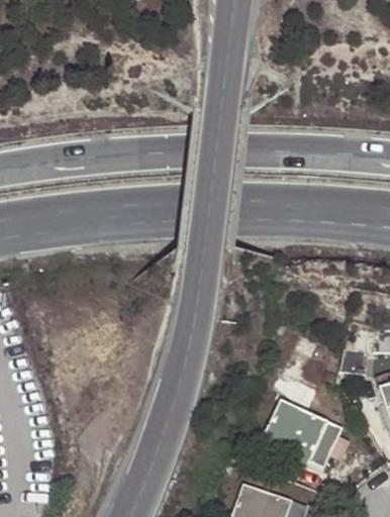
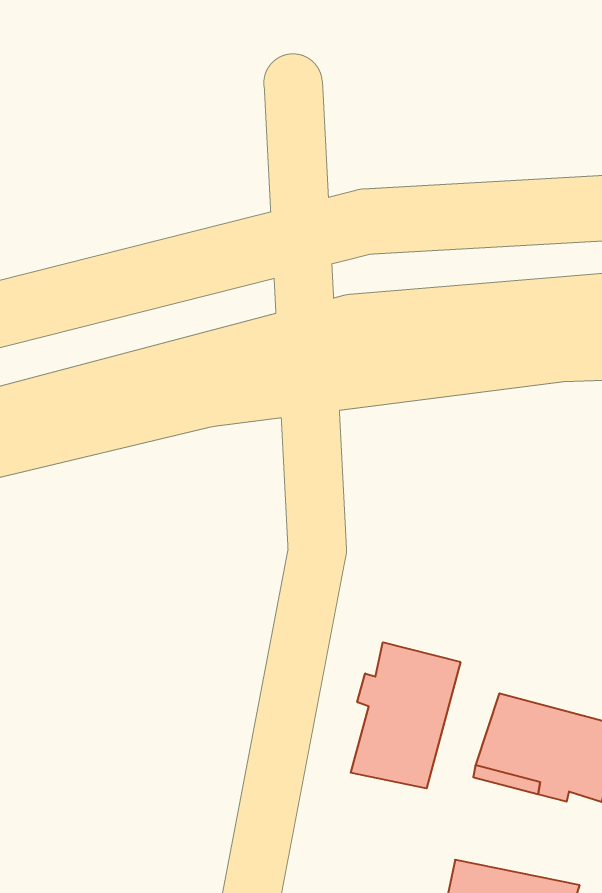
building: none -> [351,642,460,788]

